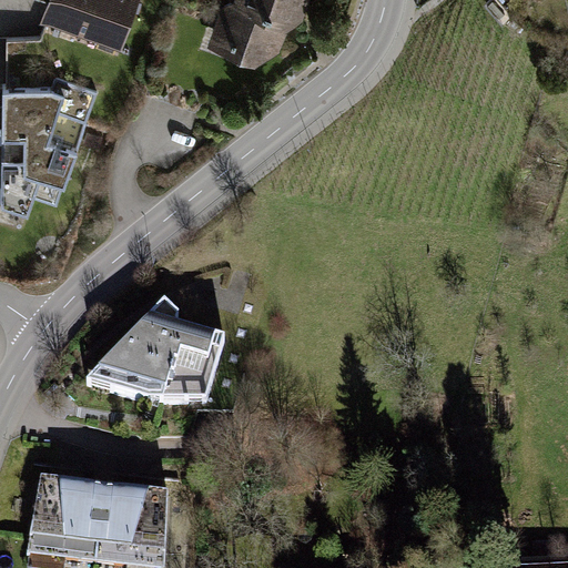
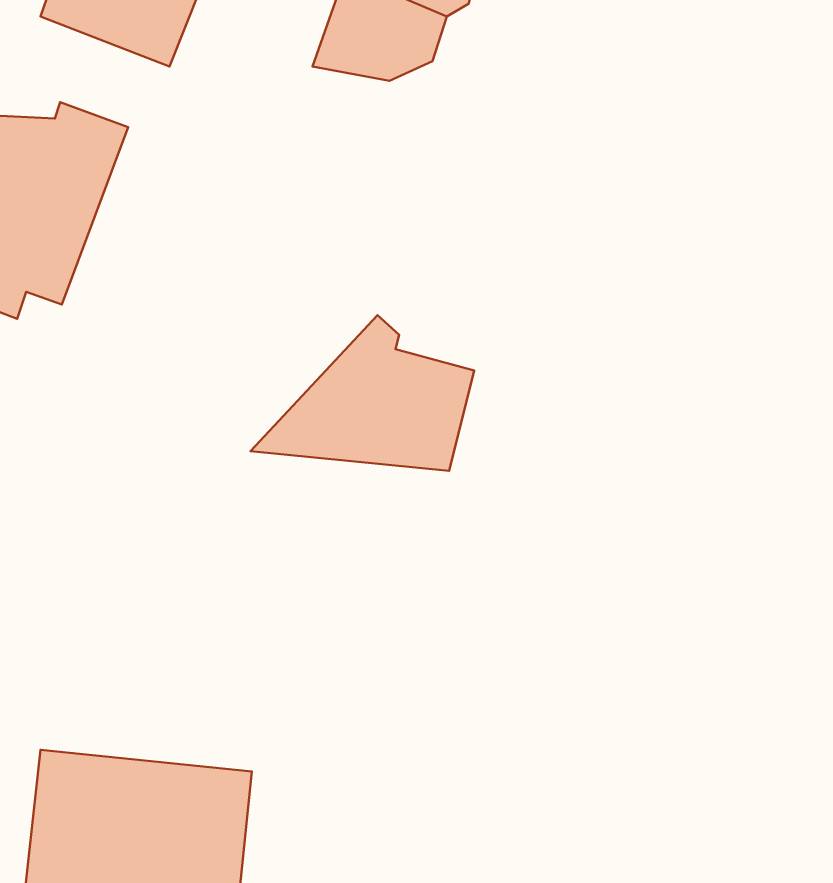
building: [87,302,225,398] -> [250,315,474,471]

